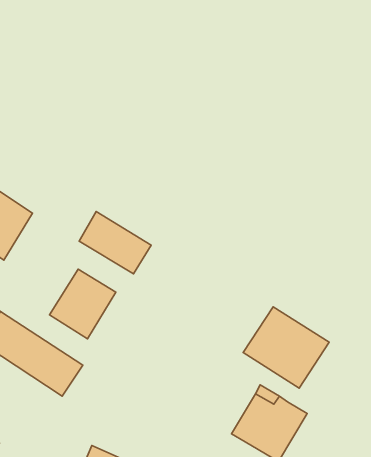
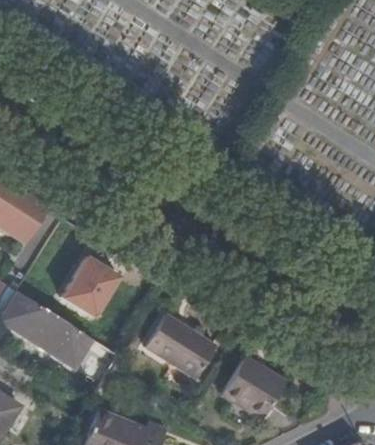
building: [79,212,151,274] -> none
building: [243,307,329,388] -> [146,311,221,382]

